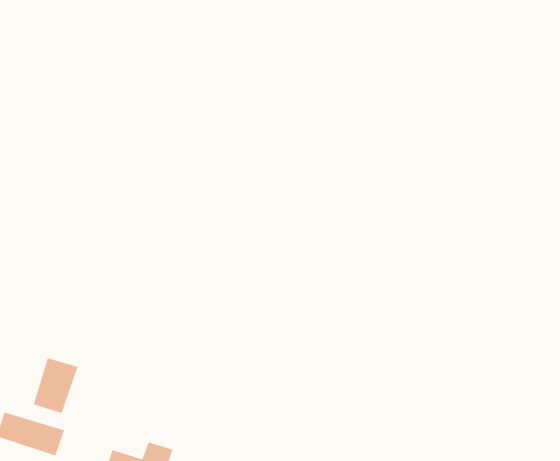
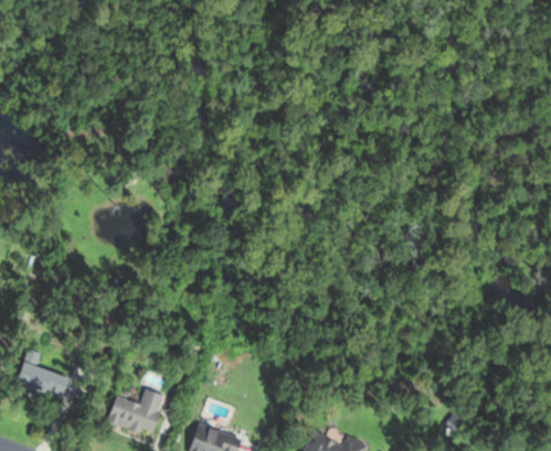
building: [33,358,78,414] -> none

